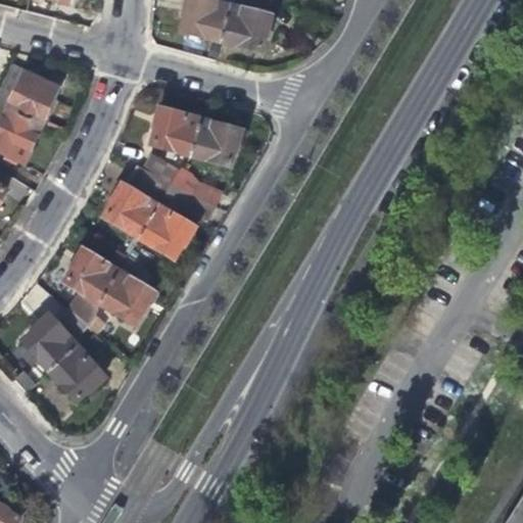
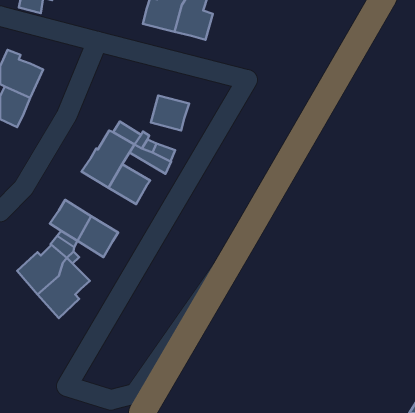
building: [152,108,200,153] -> none

